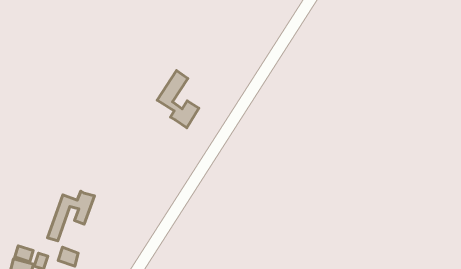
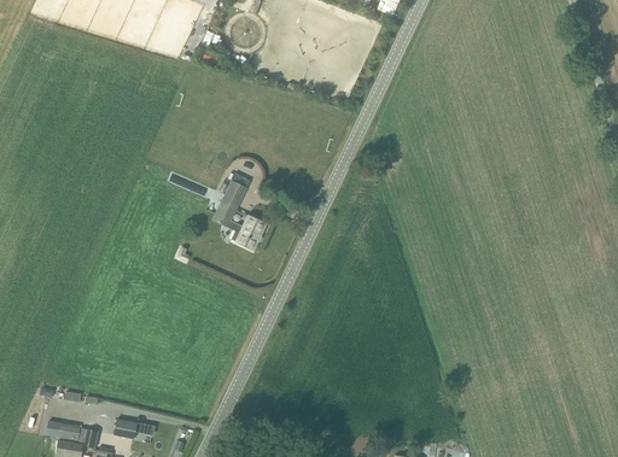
building: [48,191,95,241] -> none

